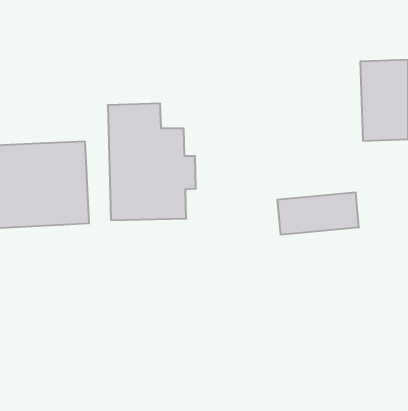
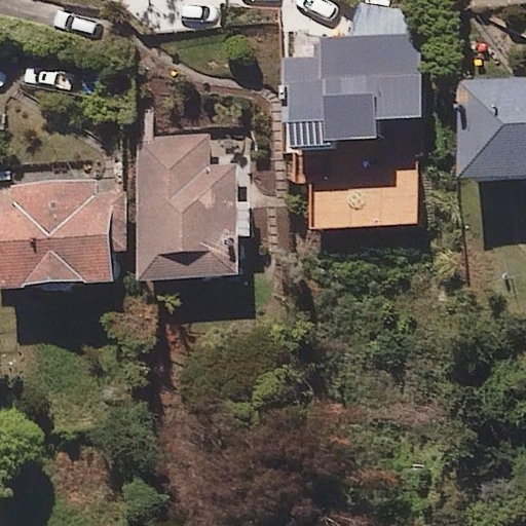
building: none -> [281,16,423,147]
building: [277,192,359,234] -> [310,177,414,230]

